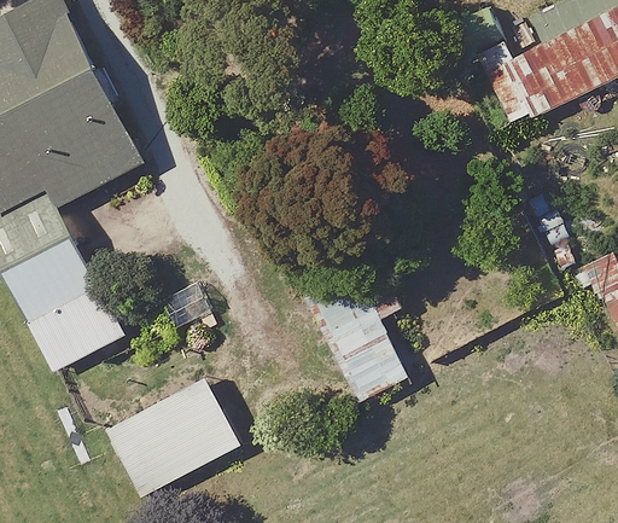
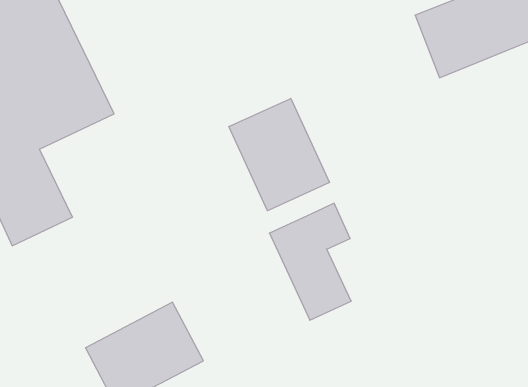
building: none -> [229,98,329,211]
building: [22,281,118,372] -> none

